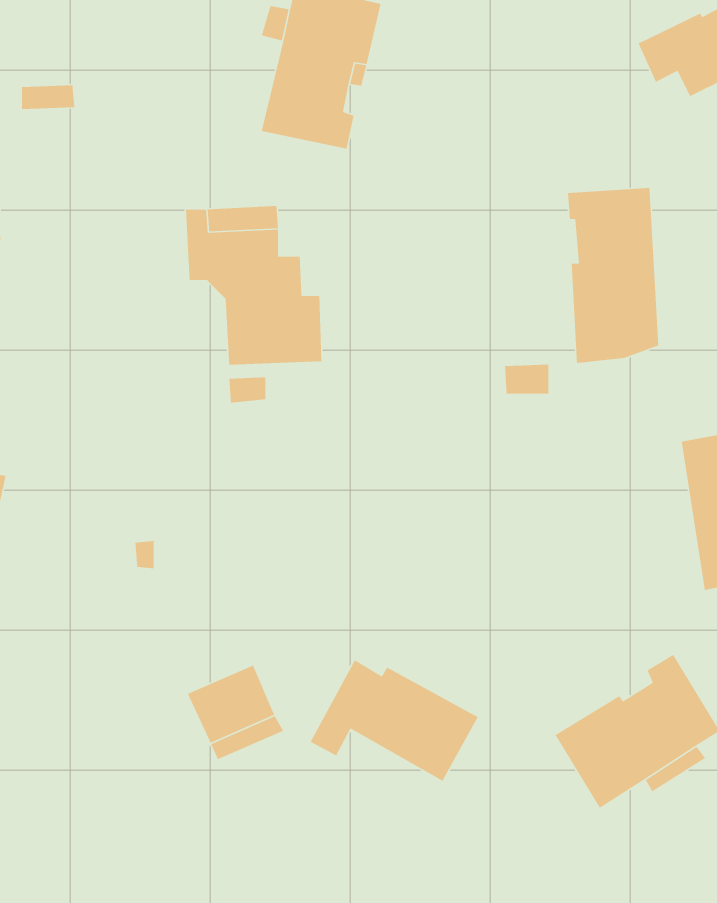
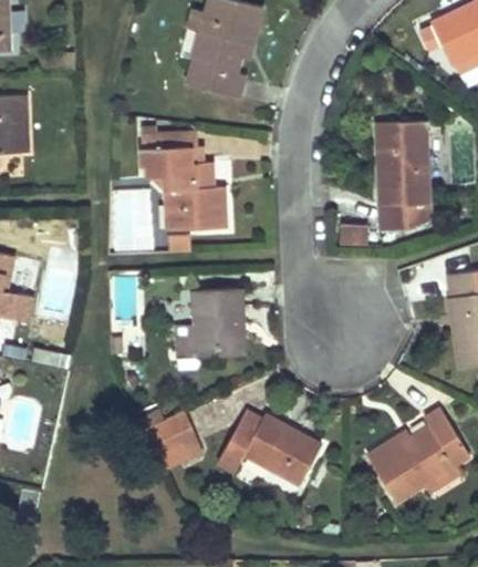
building: none -> [174,287,243,357]

